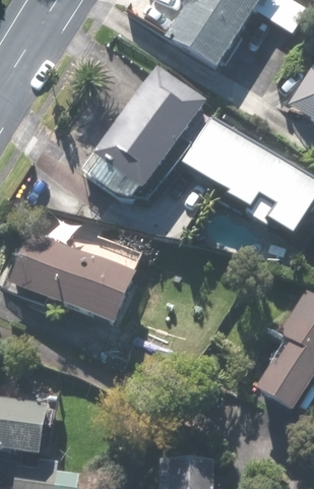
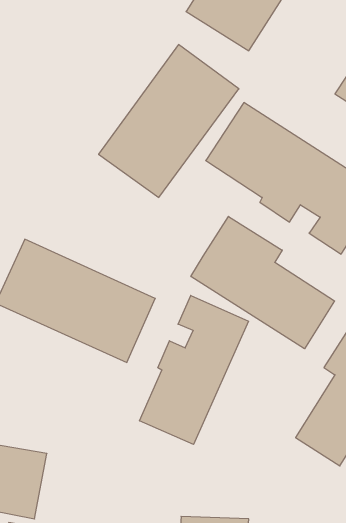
building: none -> [191,216,335,349]
building: none -> [140,295,249,444]

